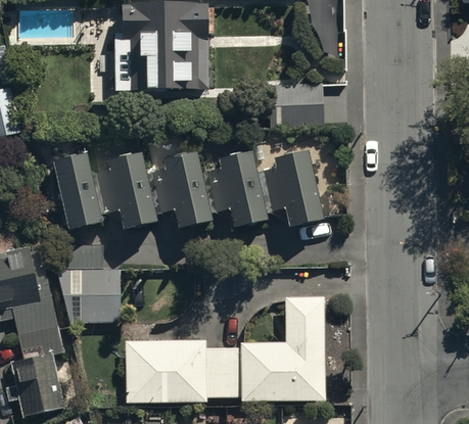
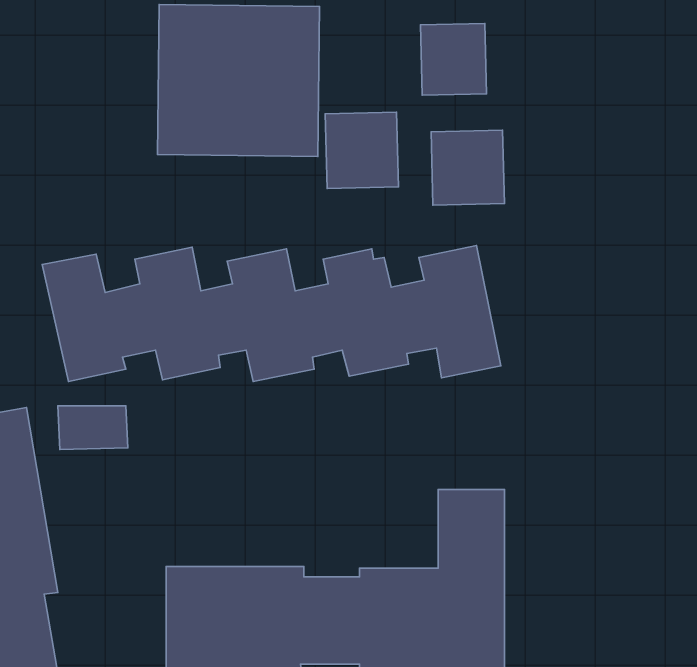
building: none -> [421,23,486,95]
building: none -> [325,112,398,189]
building: [64,274,123,323] -> none

